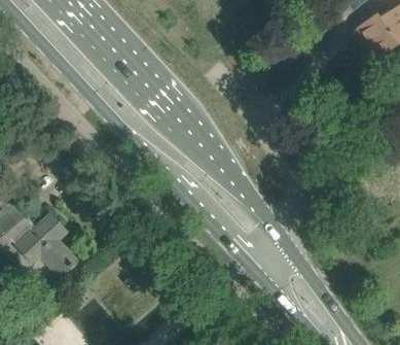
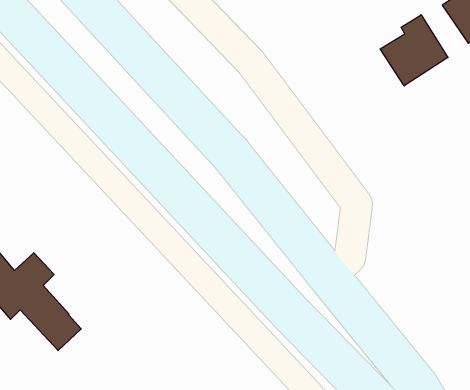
building: none -> [380,15,448,86]

